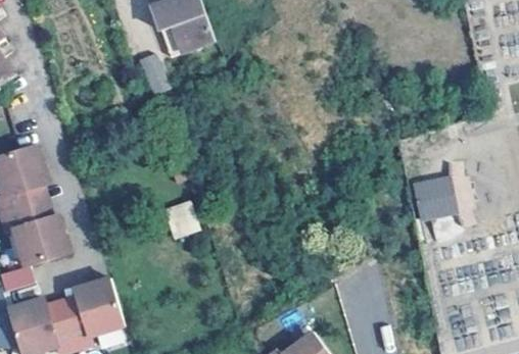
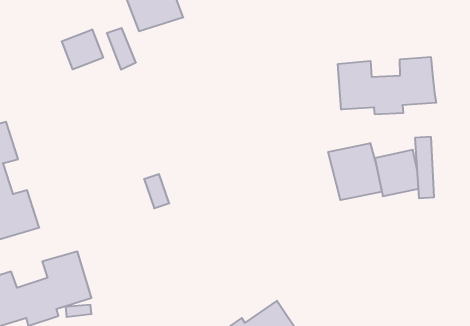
building: none -> [62,29,103,69]
building: none -> [338,57,436,114]
building: none -> [328,143,382,200]

